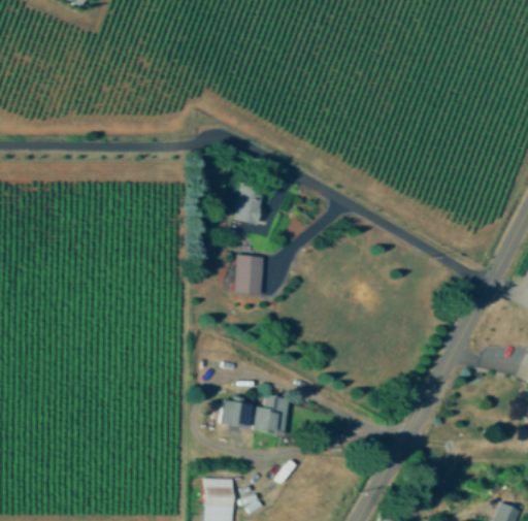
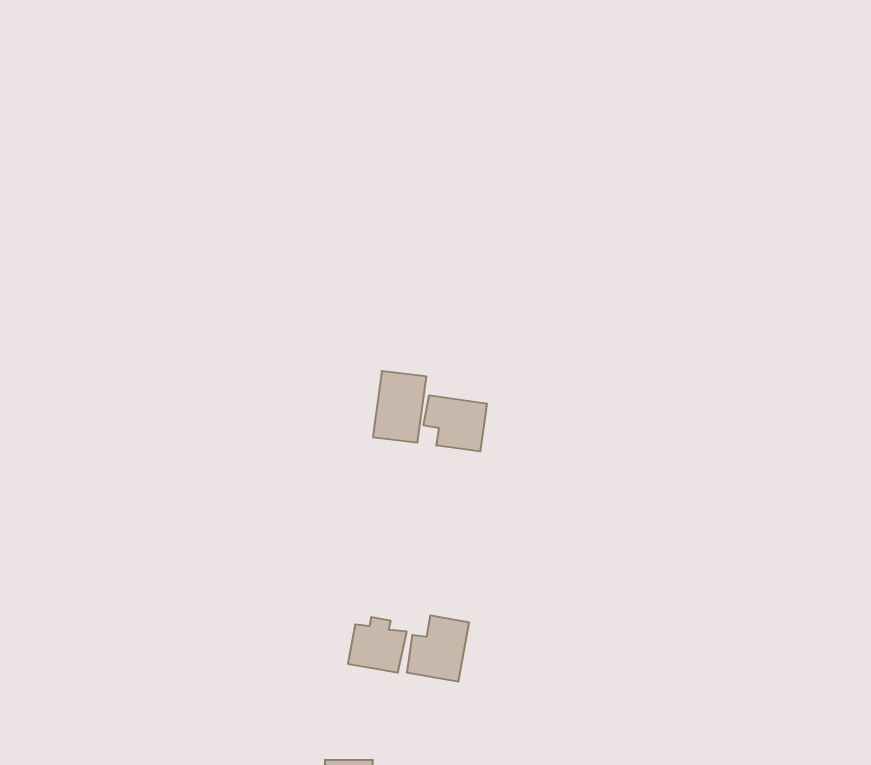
building: [231,182,265,225] -> none
building: none -> [424,395,487,452]

